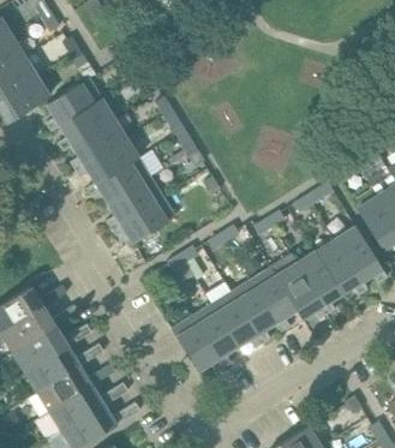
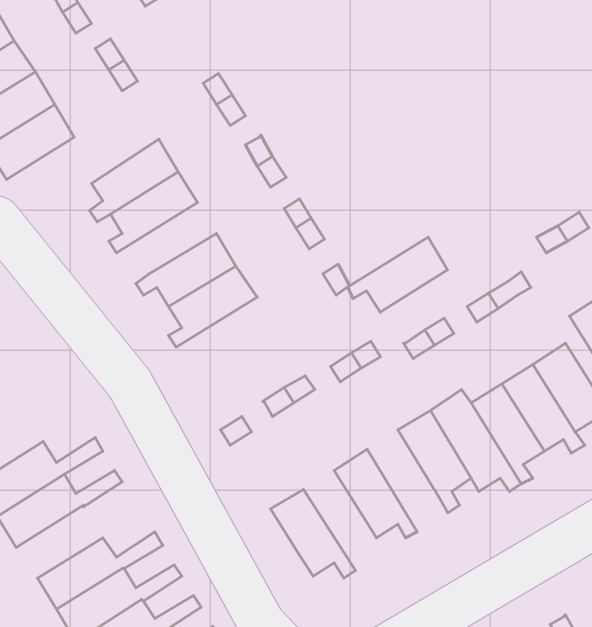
building: [47,78,102,131] -> none
building: [76,138,138,183] -> none
building: [113,197,175,244] -> [347,237,448,312]
building: [232,280,277,344] -> none
building: [192,305,238,368] -> none
building: [13,324,92,372] -> none

